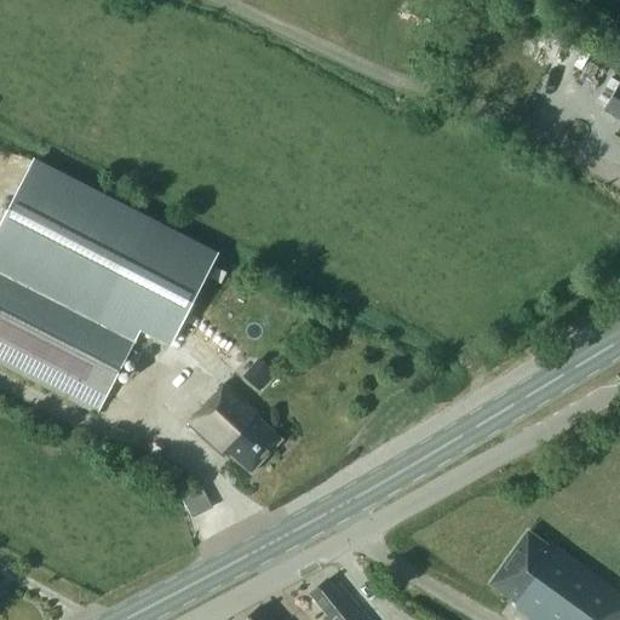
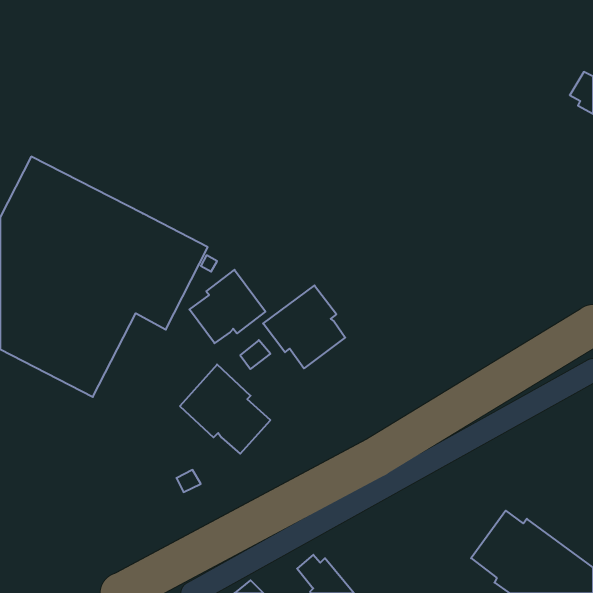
building: none -> [189,270,265,343]
building: none -> [263,285,345,368]

